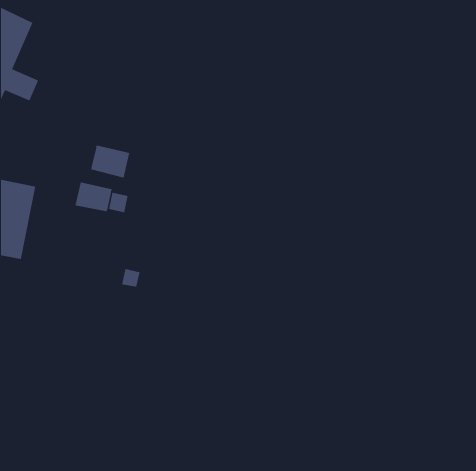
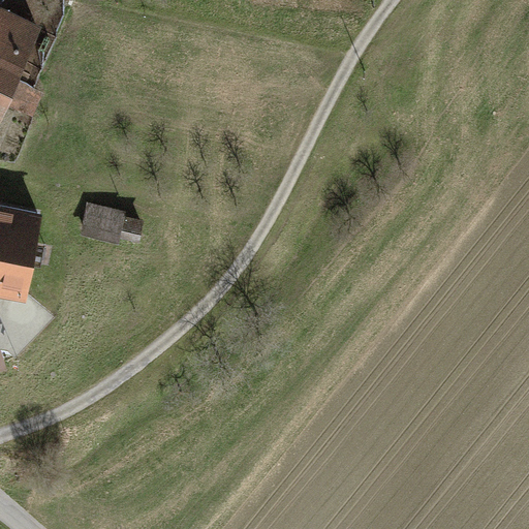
building: [90,145,130,179] -> none

